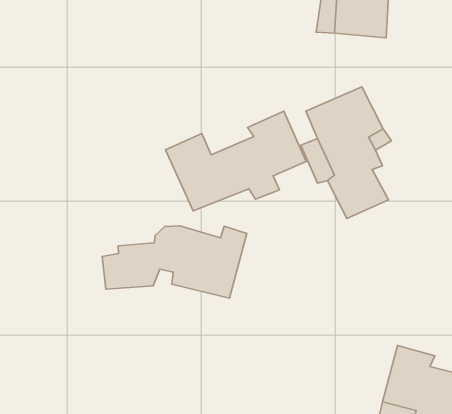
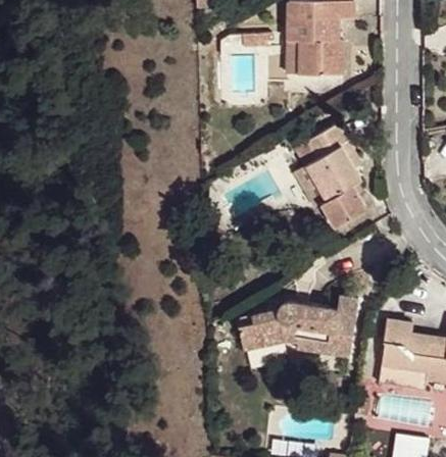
building: [165,111,306,211] -> none
building: [102,226,247,298] -> [239,297,356,360]

